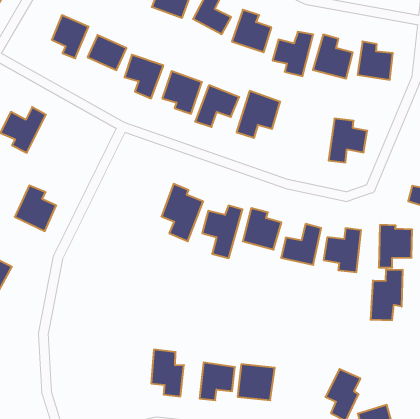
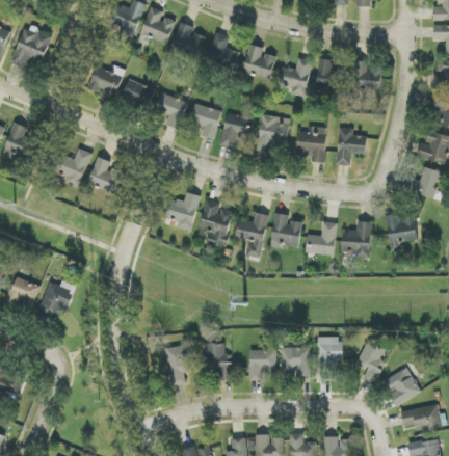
building: none -> [296,127,325,162]
building: none -> [164,192,200,231]
building: [15,185,56,231] -> [87,157,122,194]
building: [371,269,403,320] -> none
building: none -> [164,344,192,384]
building: none -> [316,337,341,379]

